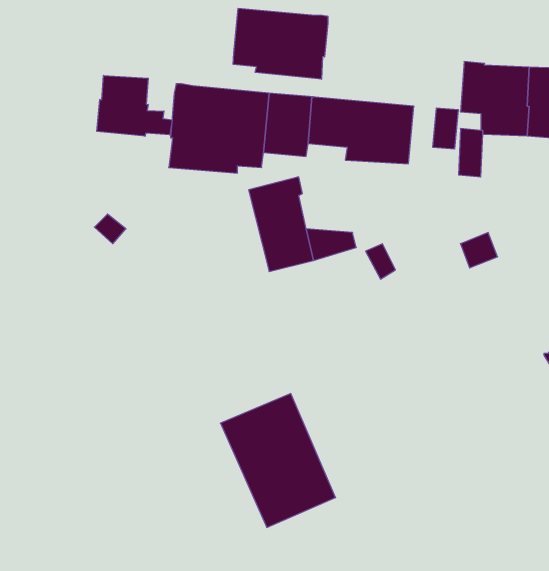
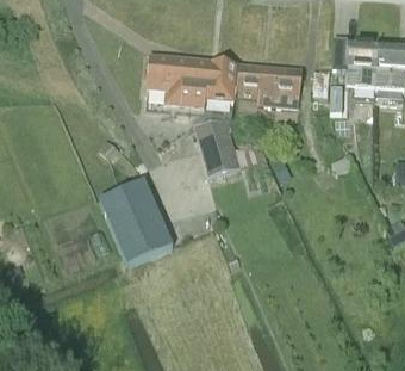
building: [233,8,328,79] -> none
building: [97,75,172,136] -> none
building: [220,394,336,527] -> [100,179,174,265]

